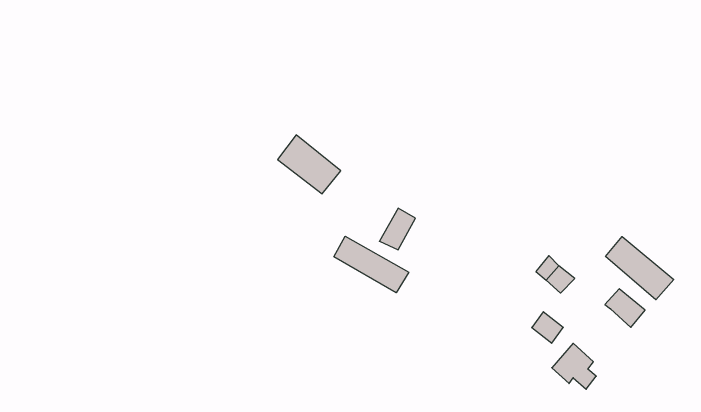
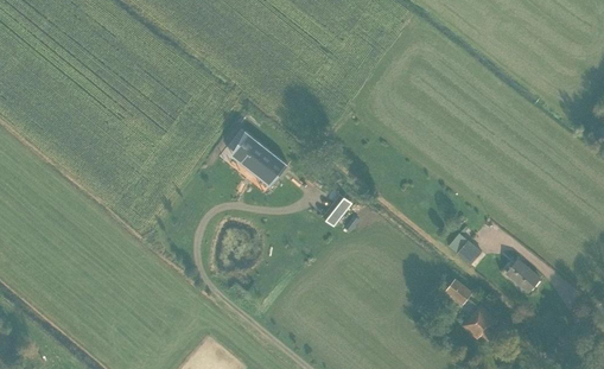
building: [334,236,409,293] -> none
building: [606,237,674,300] -> none

